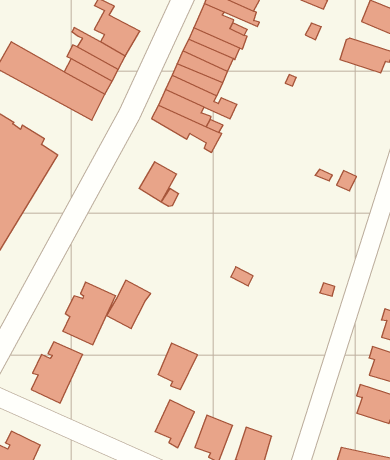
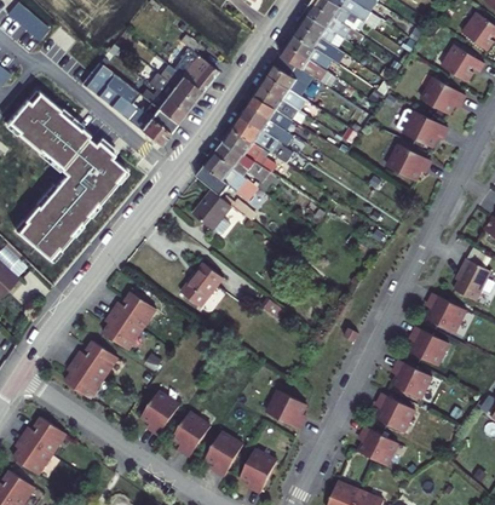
building: none -> [387,145,430,178]
building: none -> [196,153,259,202]
building: [106,280,151,329] -> [180,263,224,308]
building: [158,343,197,389] -> [142,391,180,435]
building: none -> [267,390,307,429]

